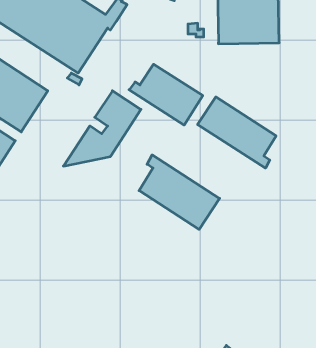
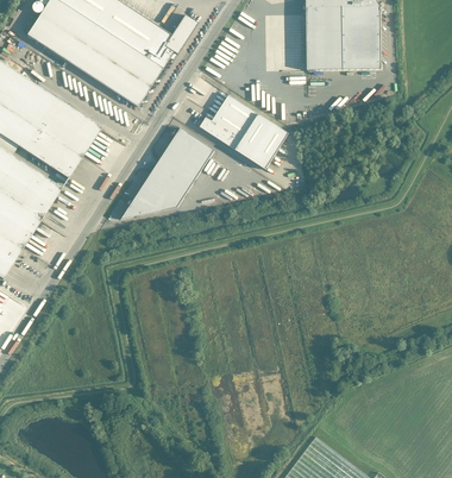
building: [198,97,276,168] -> none
building: [139,155,220,229] -> none

